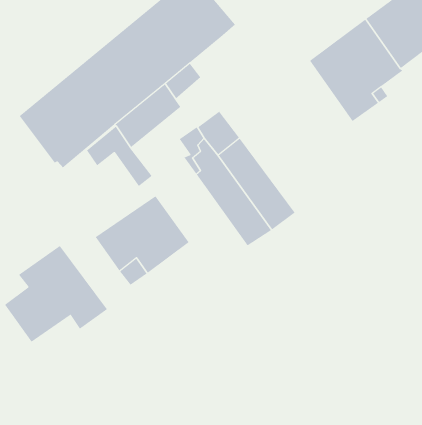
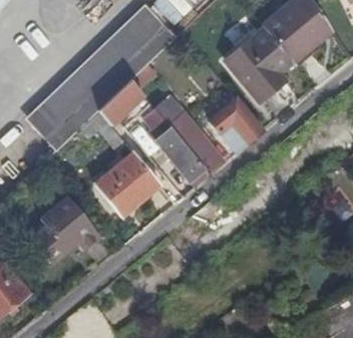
building: none -> [210,98,264,152]

